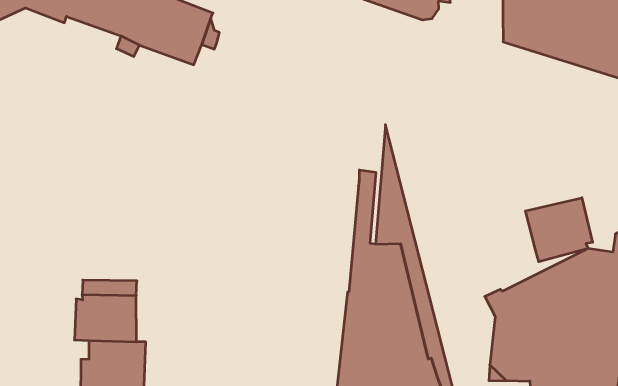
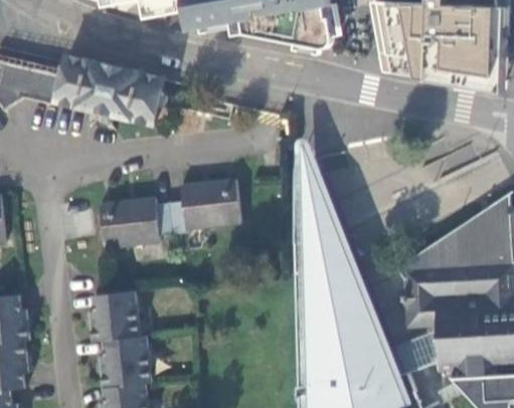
building: none -> [98,178,241,248]
building: [525,198,593,262] -> none

